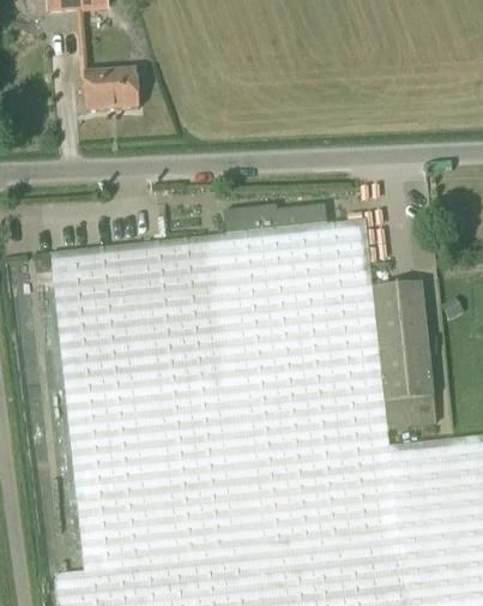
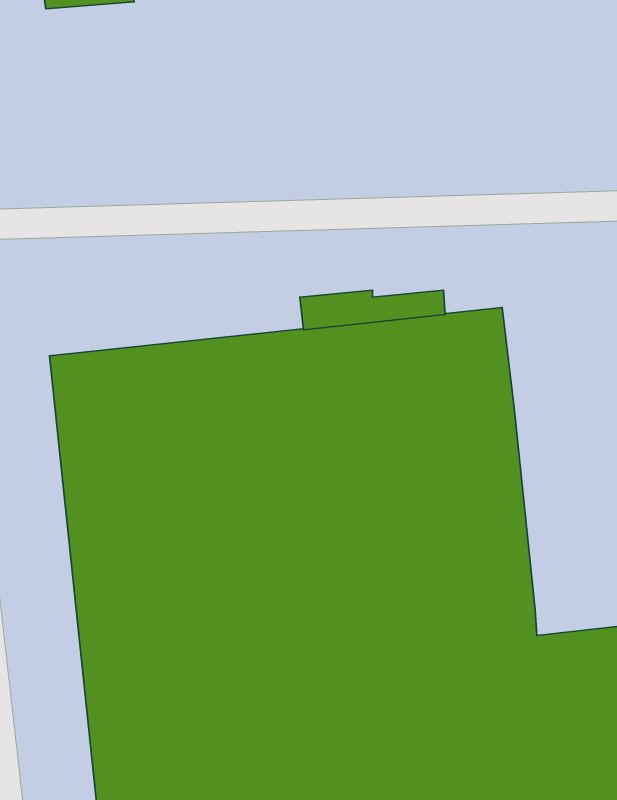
building: [79,71,138,115] -> none
building: [373,287,439,433] -> none

